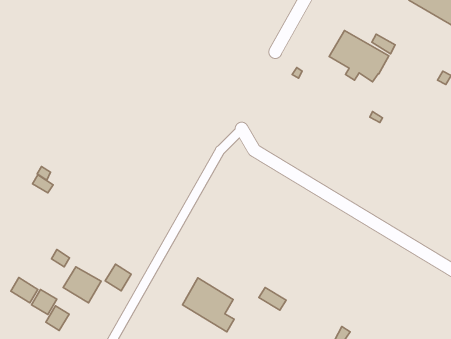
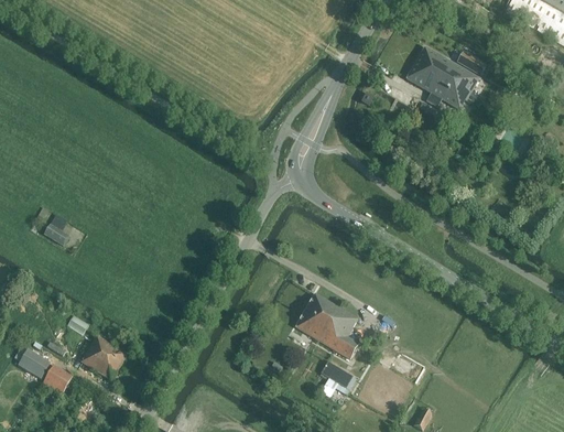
building: [105,264,131,291] -> none
building: [183,278,234,332] -> [296,292,359,358]
building: [46,306,69,331] -> none

